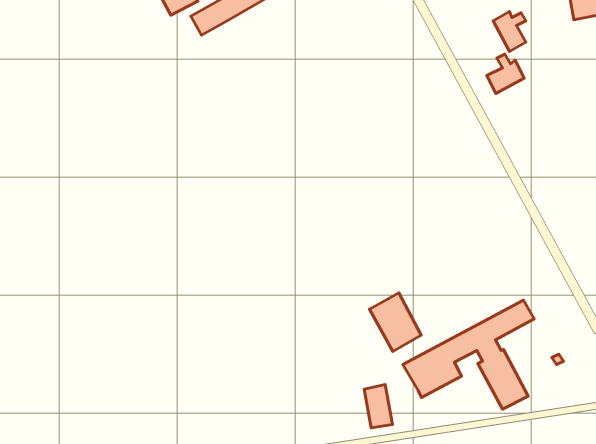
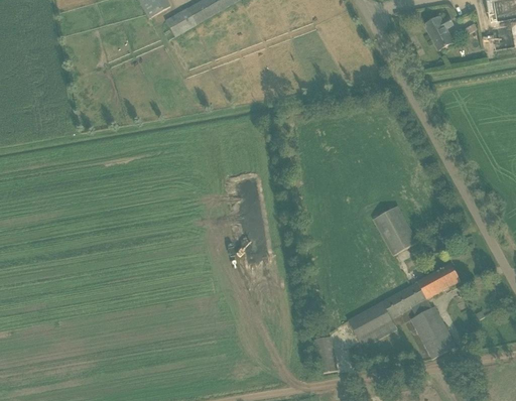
building: [487,54,524,93] -> none
building: [369,293,421,352] -> [373,205,417,255]

